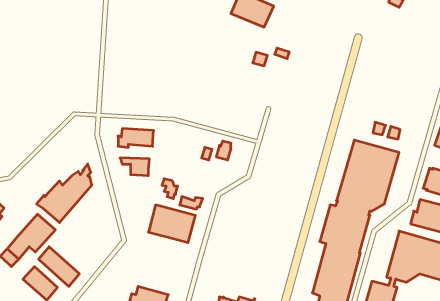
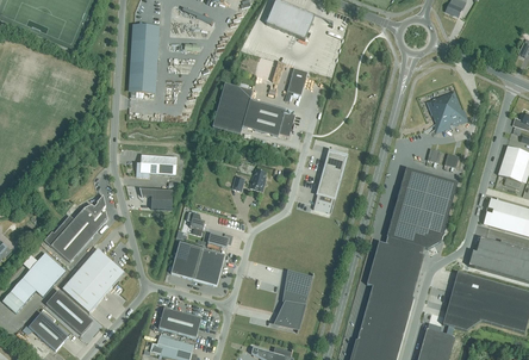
building: none -> [130,25,158,91]
building: none -> [212,81,295,135]
building: none -> [427,89,469,131]
building: none -> [313,148,348,212]
building: none -> [62,247,125,311]
building: none -> [279,268,313,331]
building: none -> [158,306,201,336]

